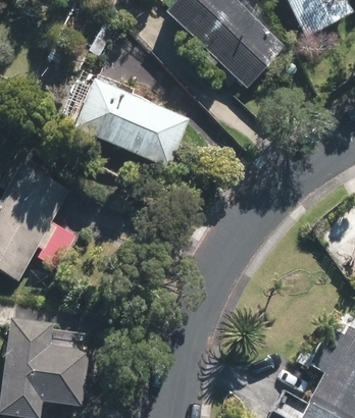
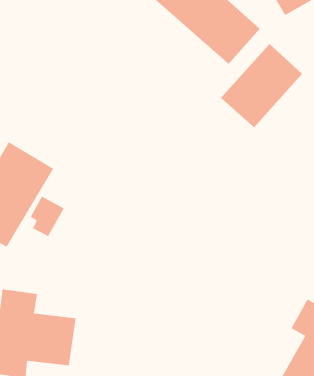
building: none -> [220,43,303,128]
building: [74,81,187,162] -> none

